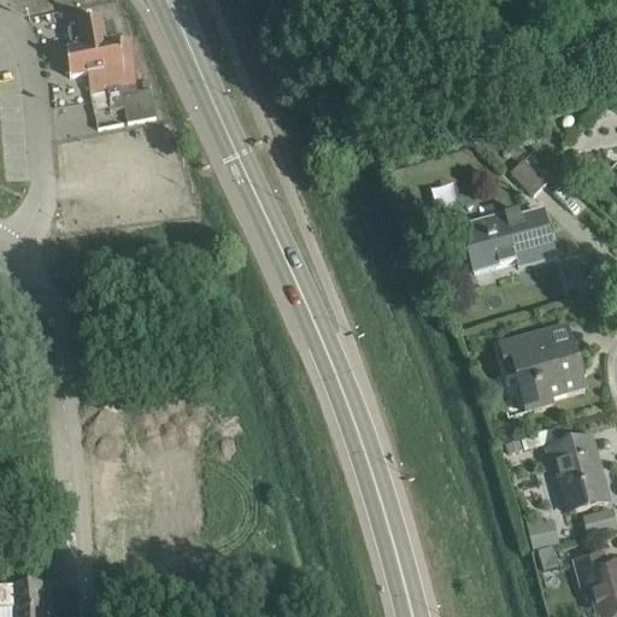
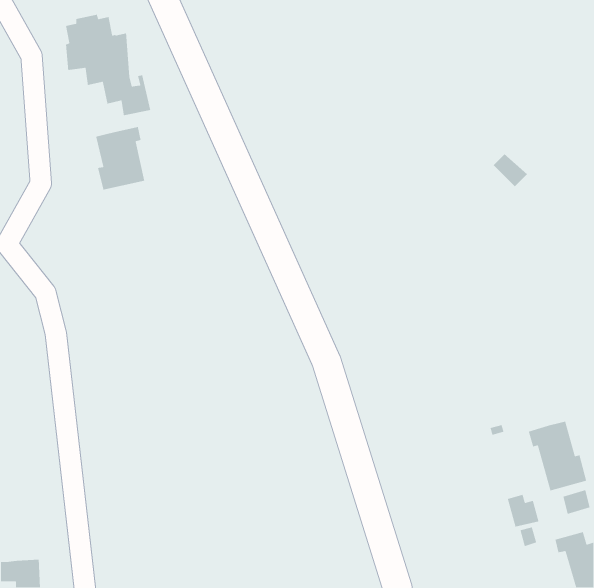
building: none -> [90,126,145,191]
building: [462,208,556,270] -> none
building: [500,328,584,409] -> none

